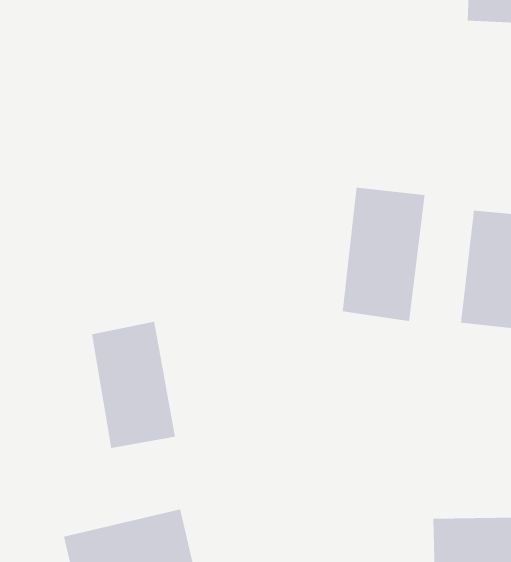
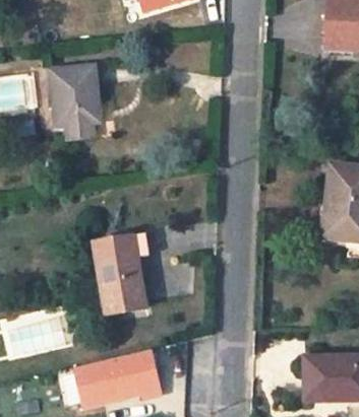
building: none -> [51,66,100,139]
building: [342,187,425,322] -> none

